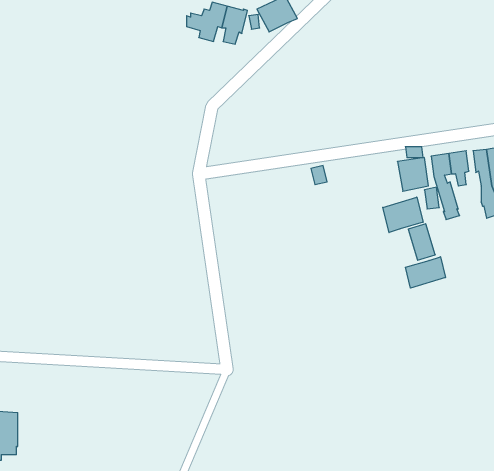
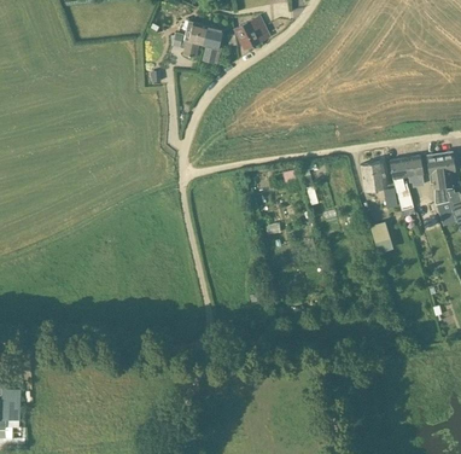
building: [383,197,423,233] -> none
building: [406,257,445,288] -> none

